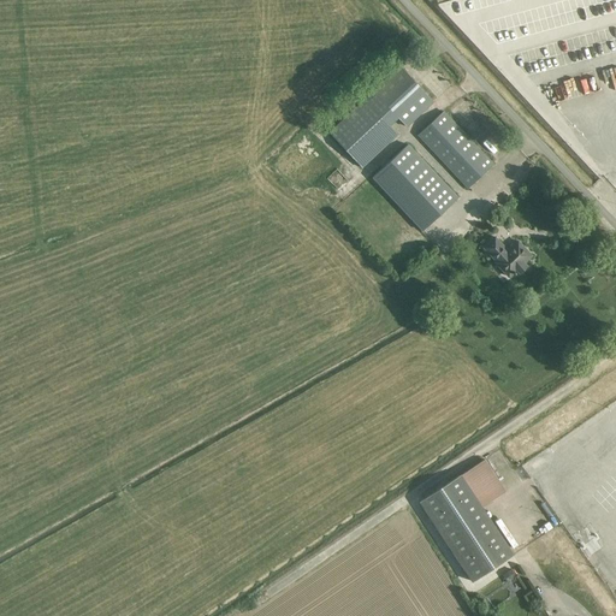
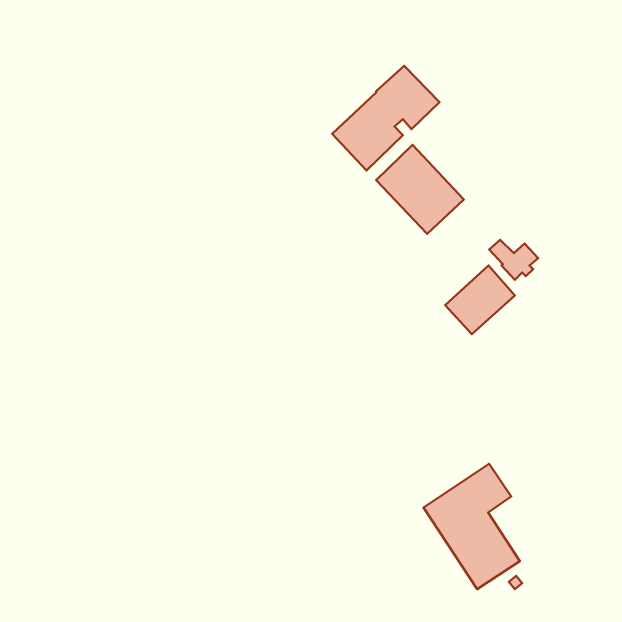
building: [417,111,494,189] -> none
building: none -> [445,266,515,334]

